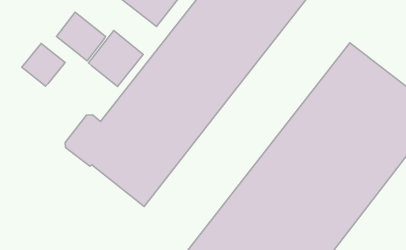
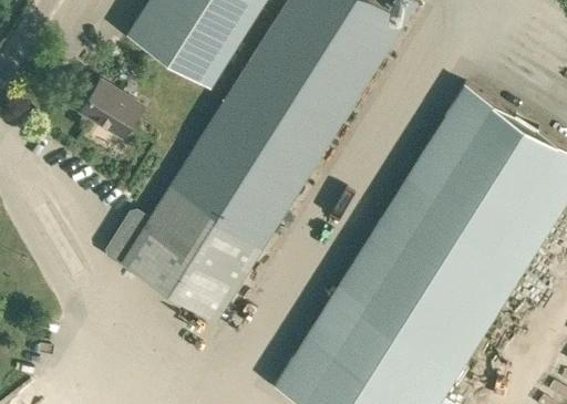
building: [88,31,143,87] -> none
building: [22,43,65,86] -> none

